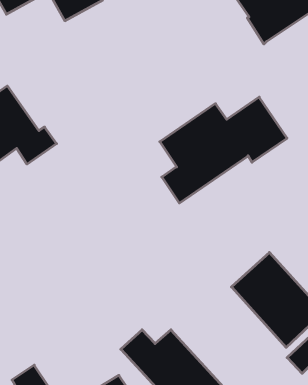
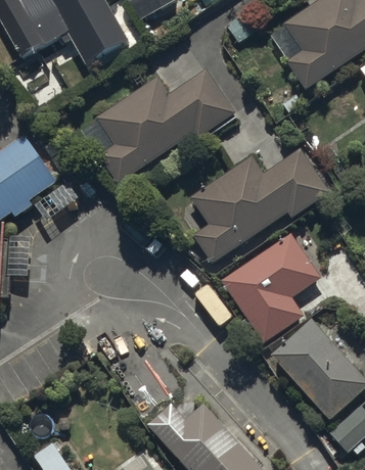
building: none -> [81,70,236,183]
building: none -> [221,234,322,343]

